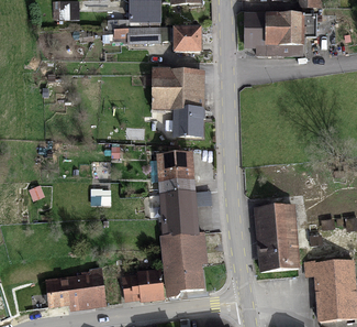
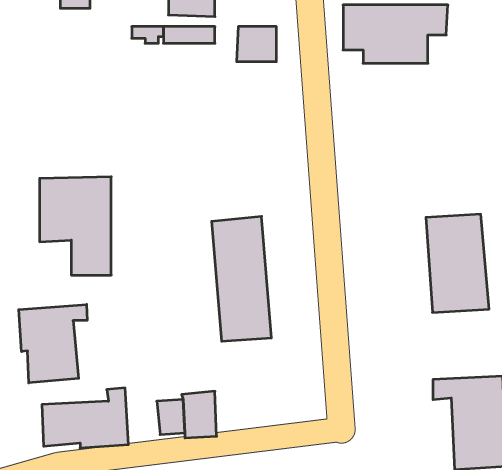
building: [154,69,201,134] -> [40,177,111,275]
building: [256,207,298,272] -> [426,214,489,312]
building: none -> [19,304,87,383]
building: [161,233,204,293] -> none

